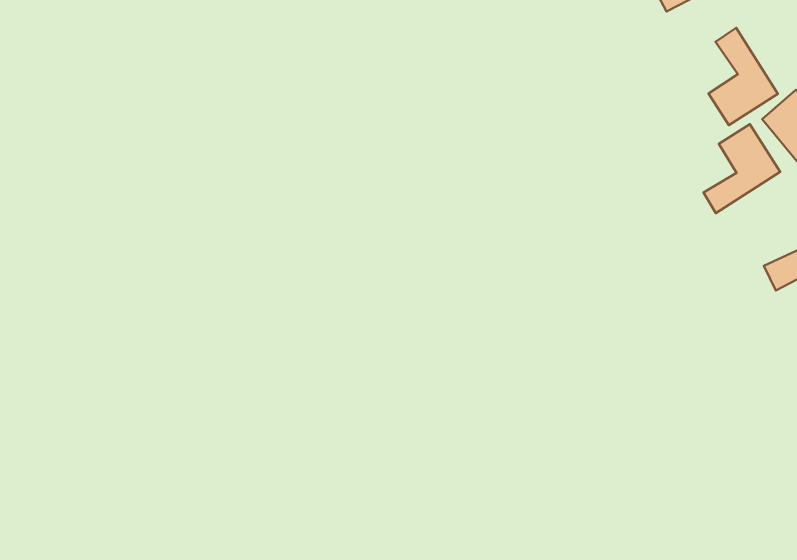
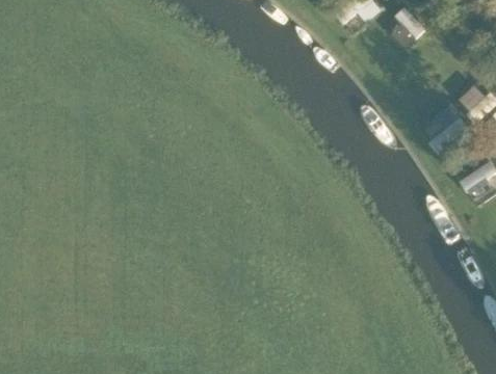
building: [708,28,778,125] -> none

